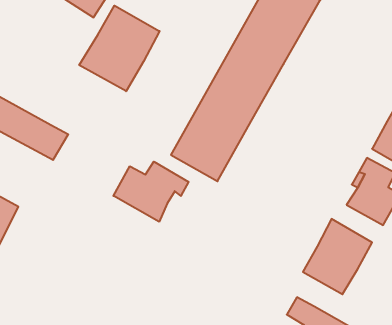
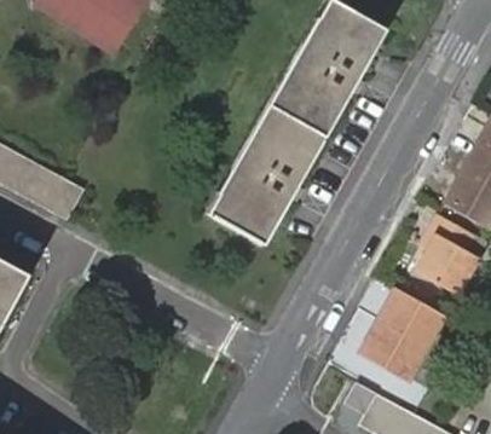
building: [79,6,160,91] -> none
building: [113,162,189,222] -> none

